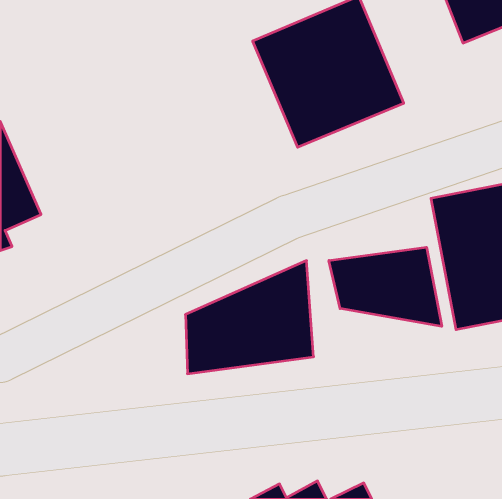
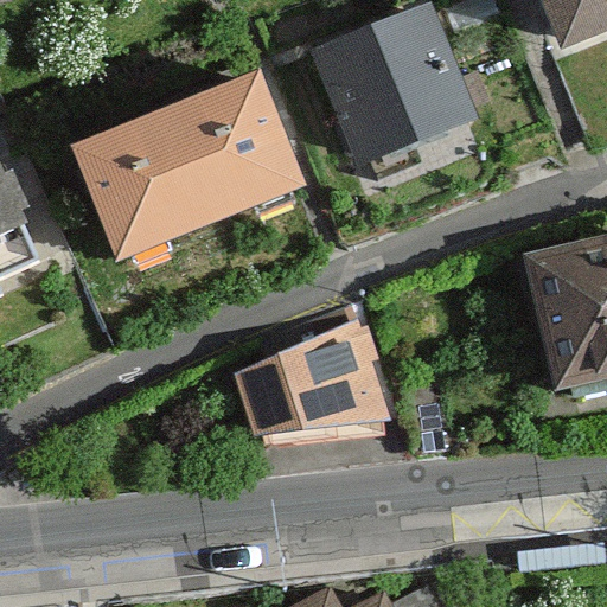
building: none -> [69,75,304,258]
building: [329,247,442,326] -> none

